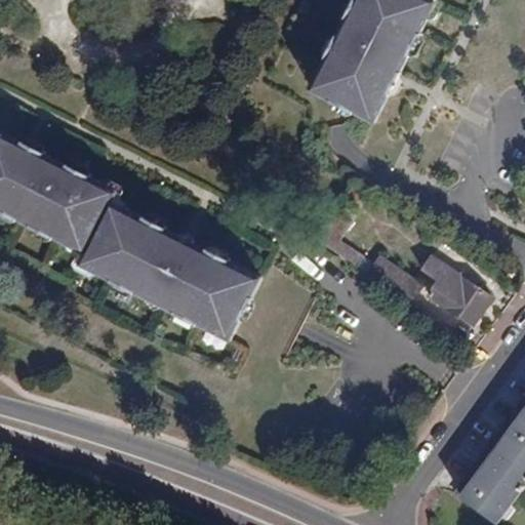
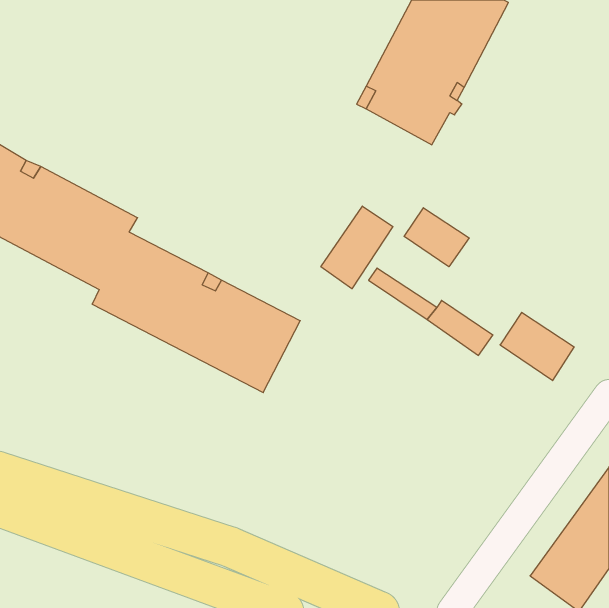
building: none -> [321,206,393,289]
building: none -> [404,208,469,267]

